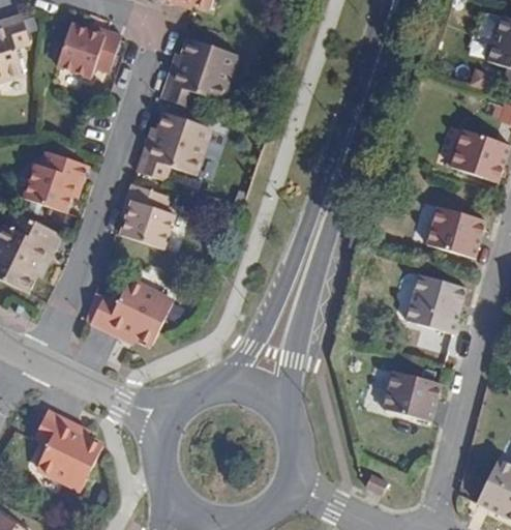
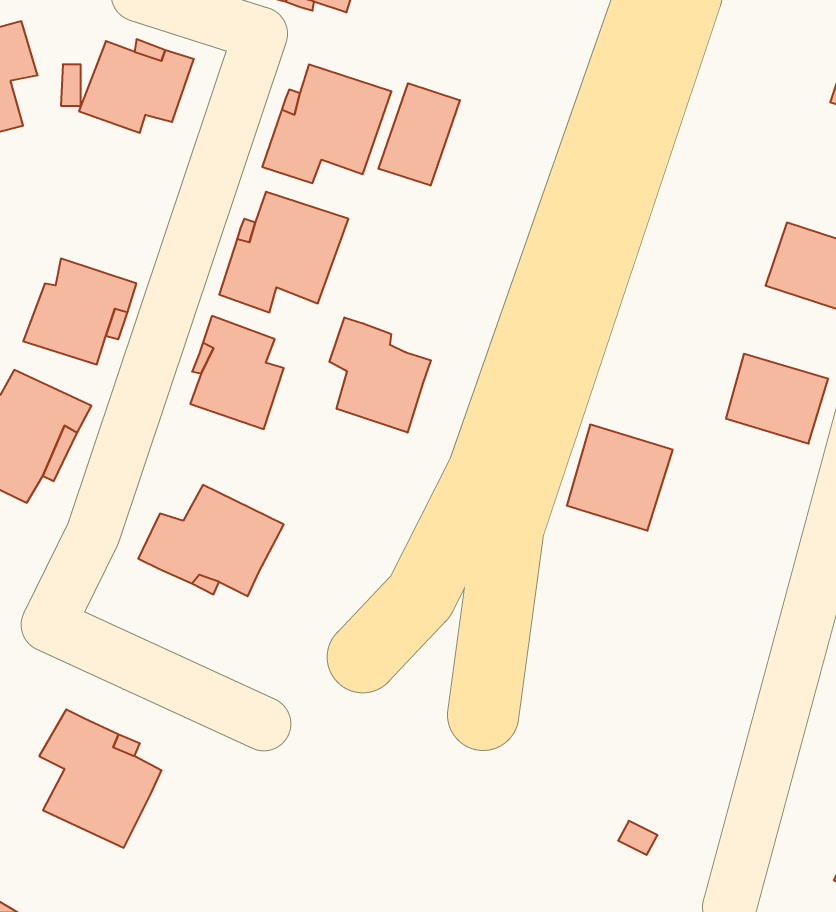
building: none -> [379,83,460,186]
building: none -> [329,317,431,433]
building: [405,272,467,333] -> [567,425,673,531]
building: [383,371,441,421] -> none

